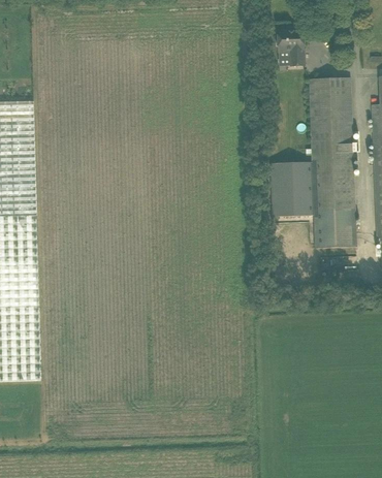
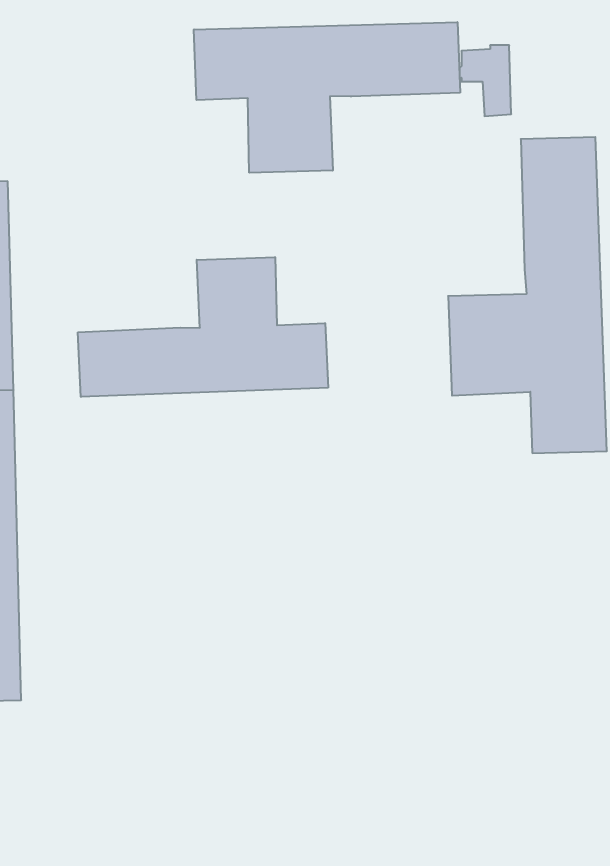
building: none -> [194,22,460,173]
building: none -> [78,257,328,397]

